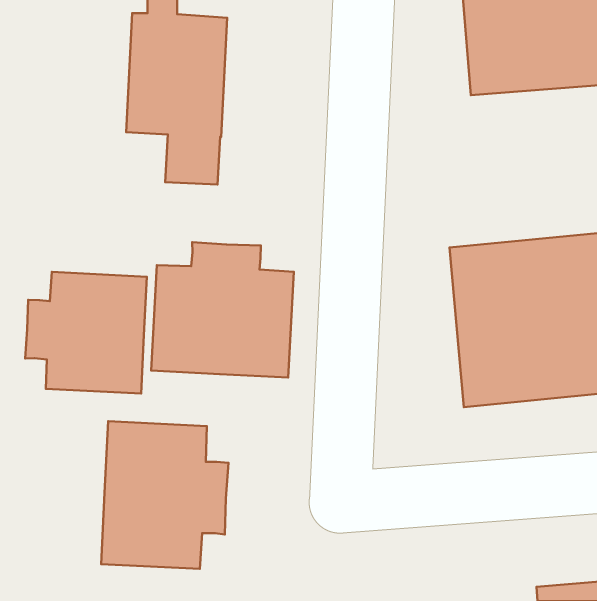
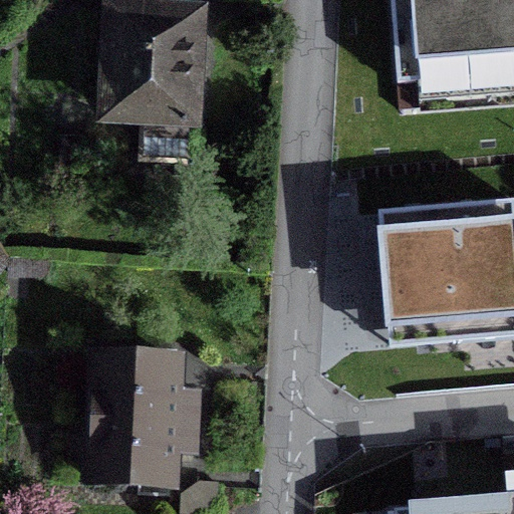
building: [151,242,294,377] -> none
building: [25,272,147,394] -> none

